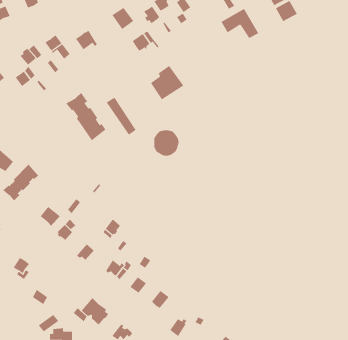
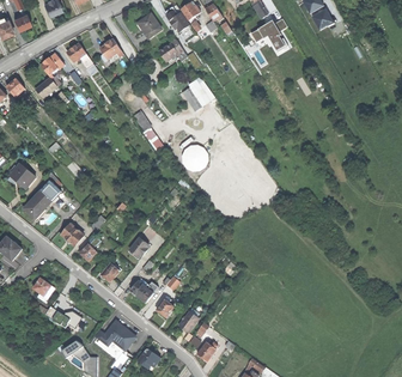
building: [66,92,106,141] -> none

